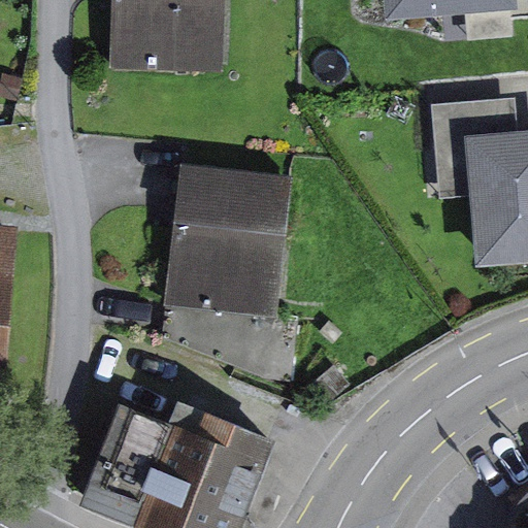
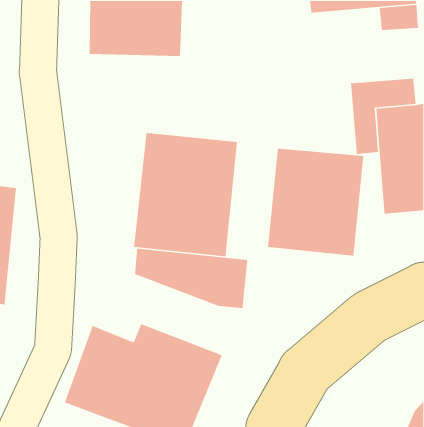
building: none -> [267,148,365,256]

